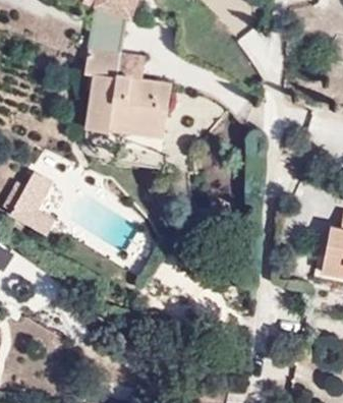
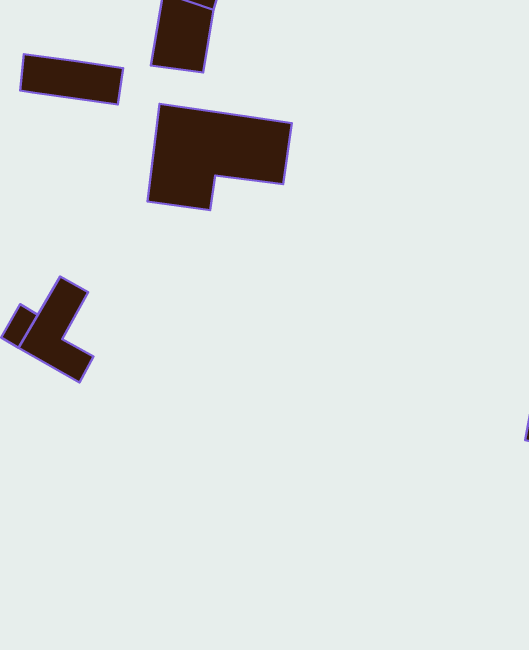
building: [90,52,150,81] -> [20,54,123,105]
building: [126,116,169,141] -> none

